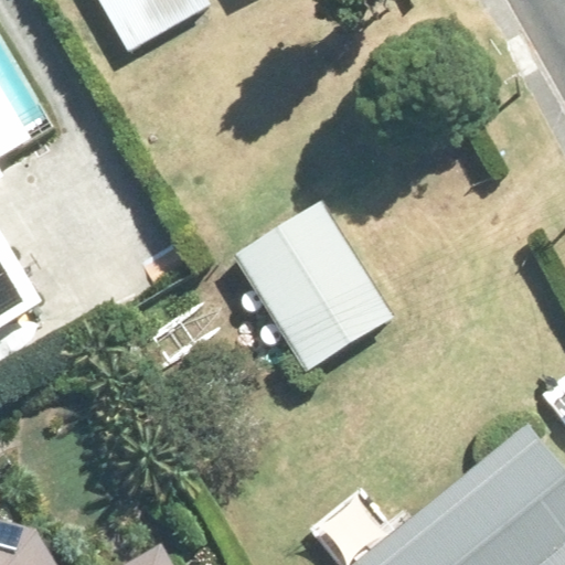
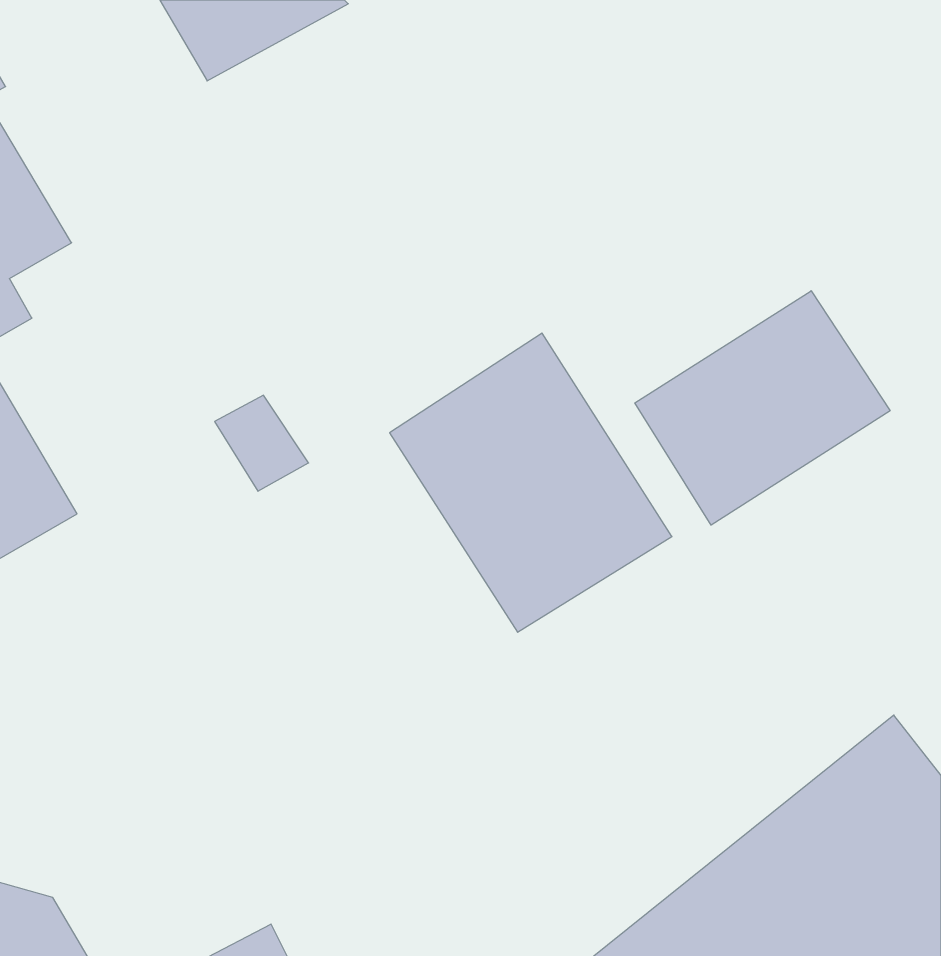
building: none -> [635,291,890,525]

